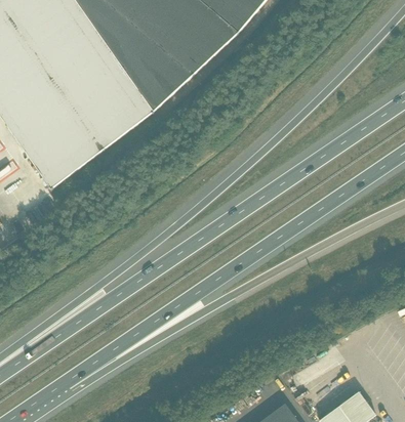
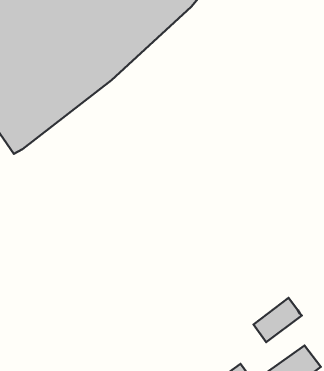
building: none -> [254,298,302,342]

